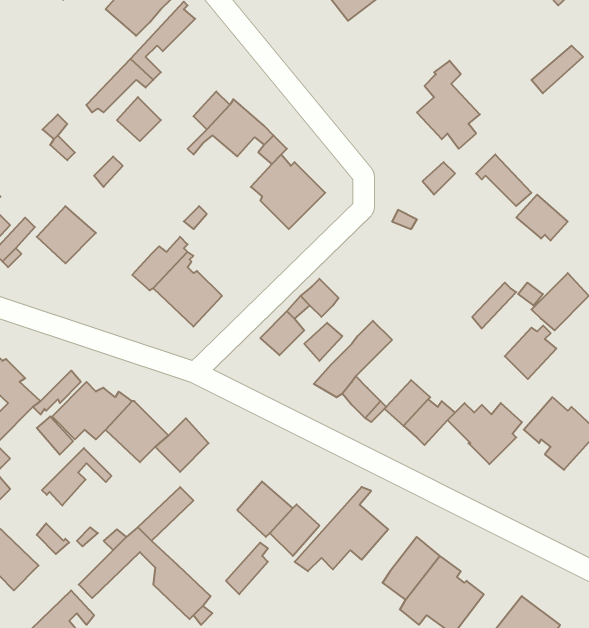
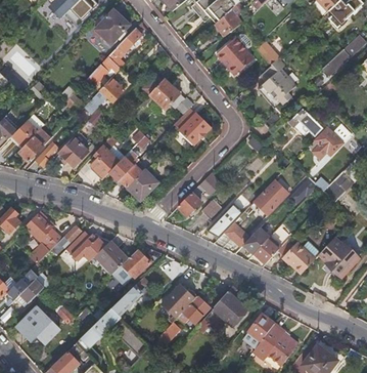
building: none -> [216,36,253,75]
building: none -> [92,138,120,177]
building: [505,326,556,379] -> [261,180,288,209]
building: [42,448,111,506] -> none

